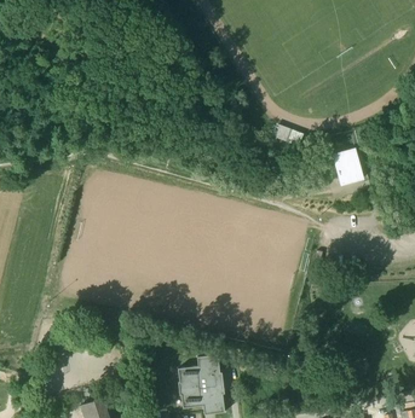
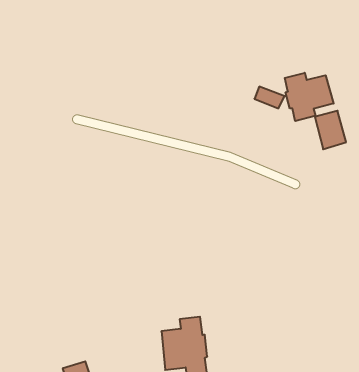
building: none -> [285,73,334,121]

